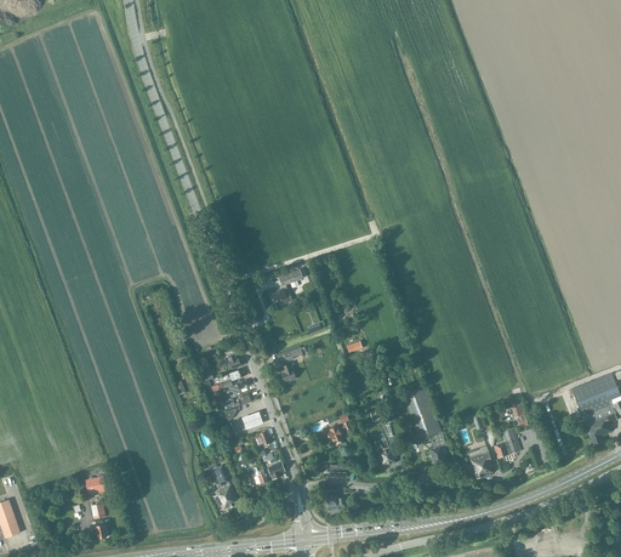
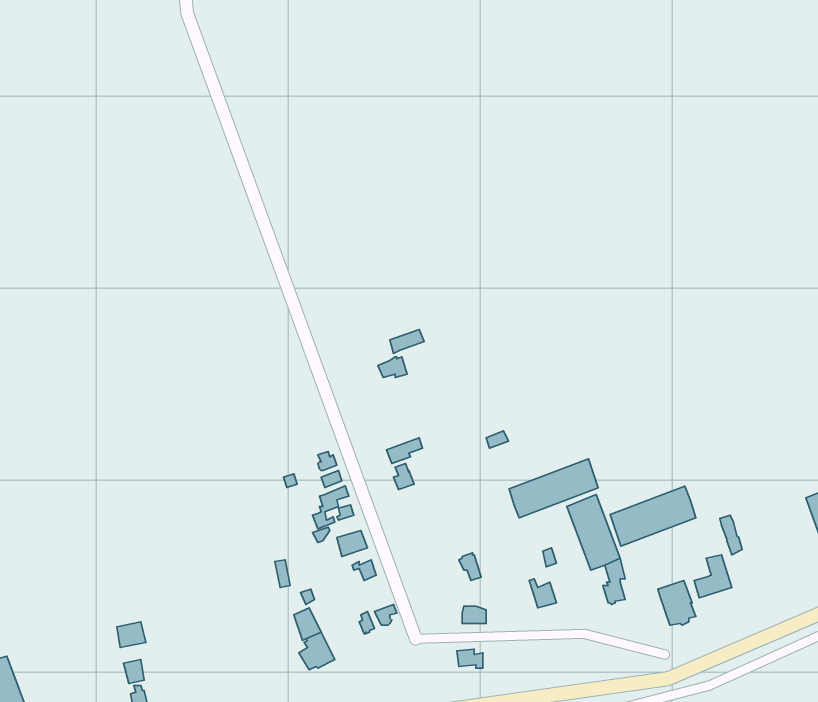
building: none -> [509,459,598,518]
building: none -> [610,486,696,546]

